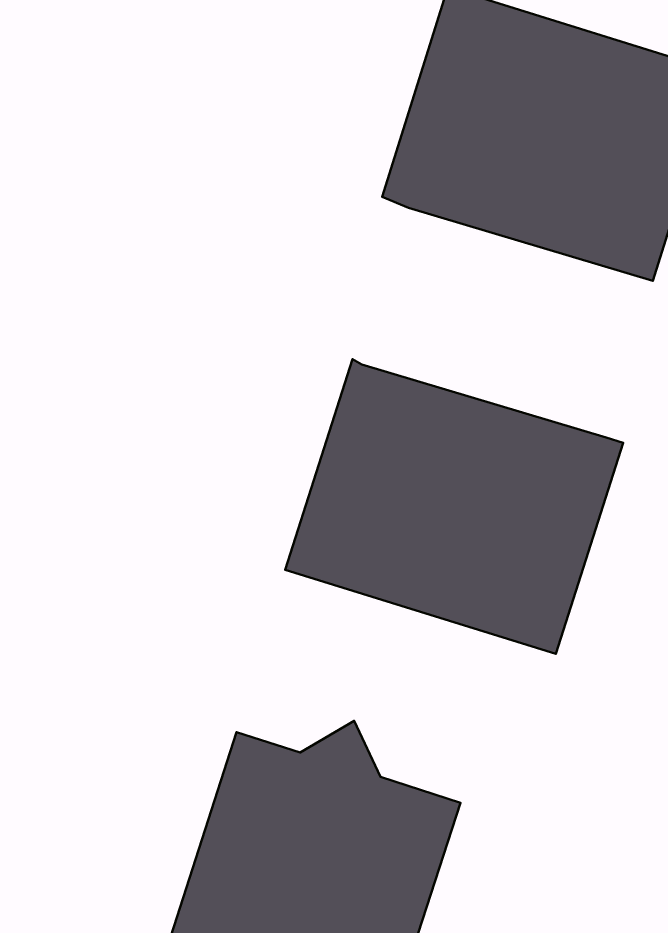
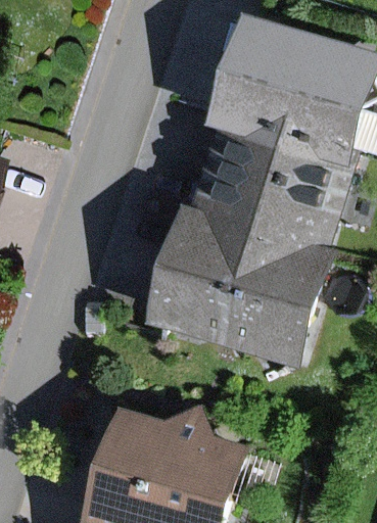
building: none -> [202,124,362,249]

